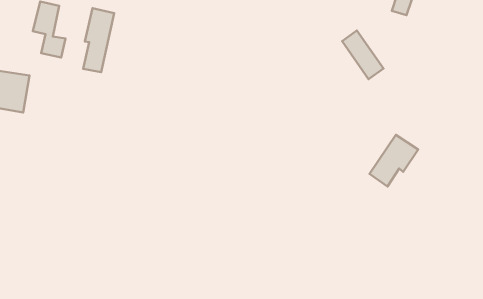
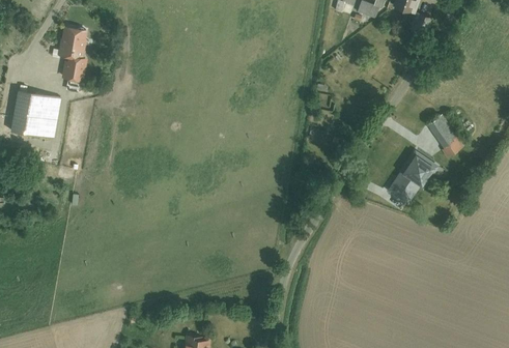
building: [83,8,114,72] -> none
building: [342,30,383,79] -> [423,115,463,163]

